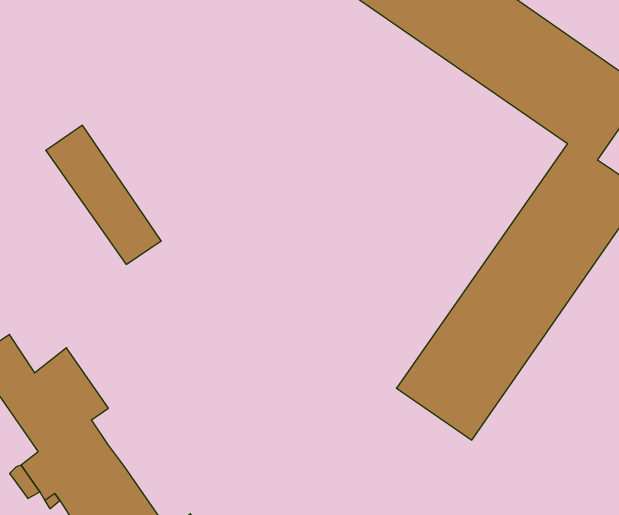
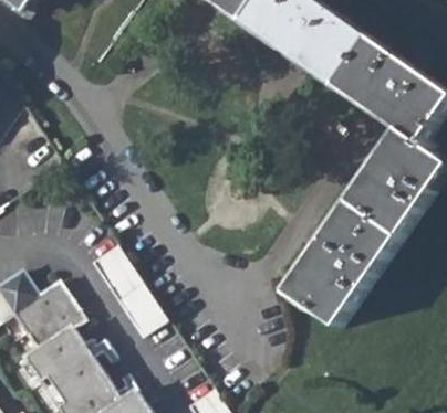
building: [46,125,161,264] -> [93,234,169,326]

